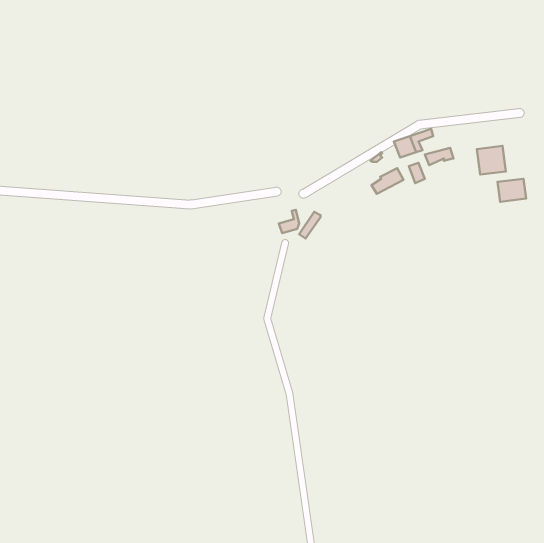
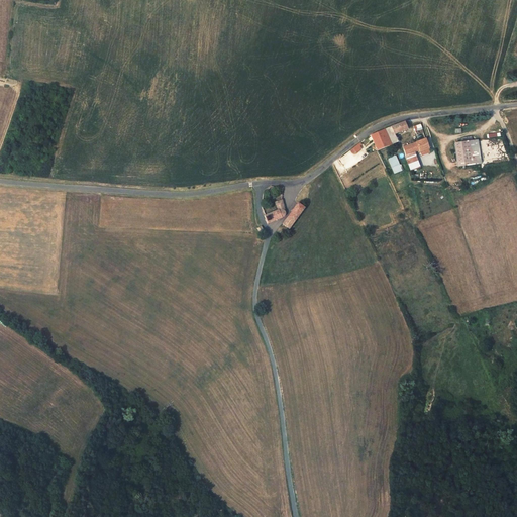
building: [498,179,526,202] -> none

